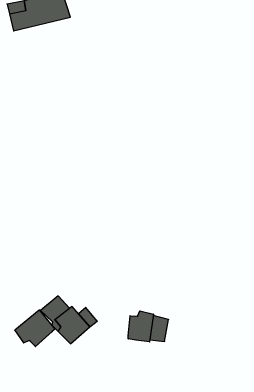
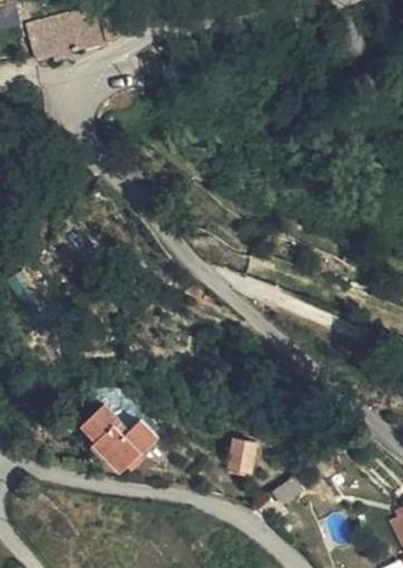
building: [15,310,55,347] -> none
building: [128,311,153,342] -> none

